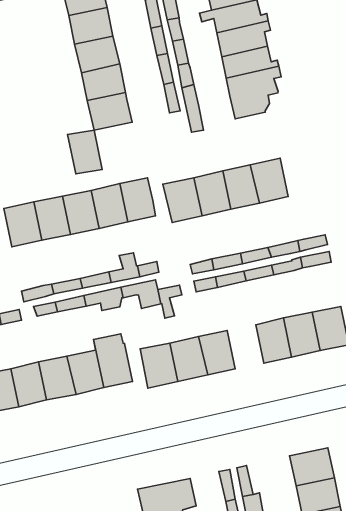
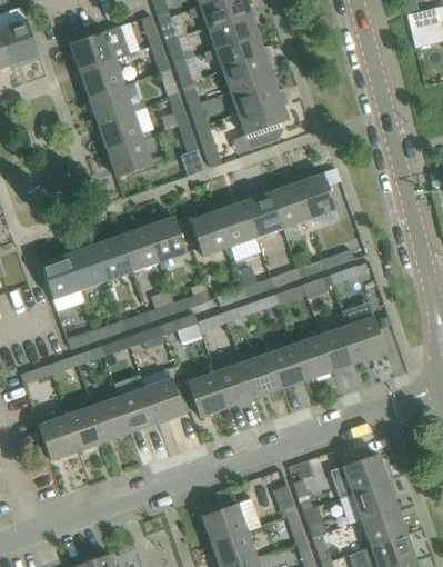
building: [67,130,102,174] -> none
building: none -> [299,173,336,218]
building: none -> [269,345,308,389]

